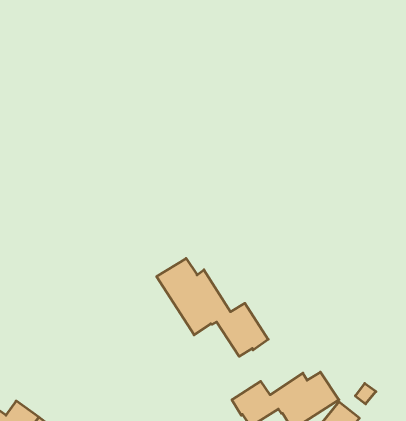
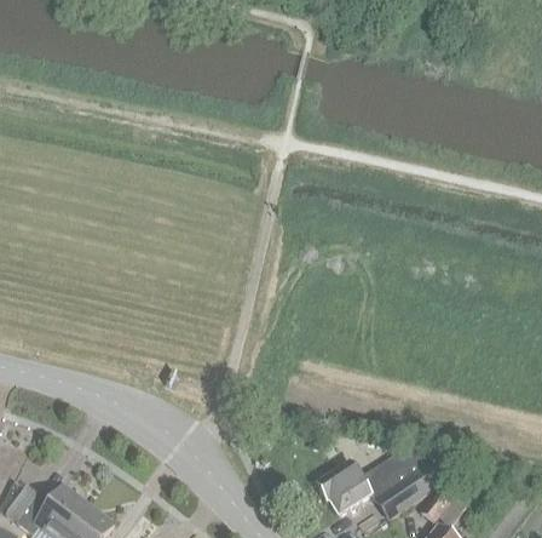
building: [157,258,268,356] -> none

